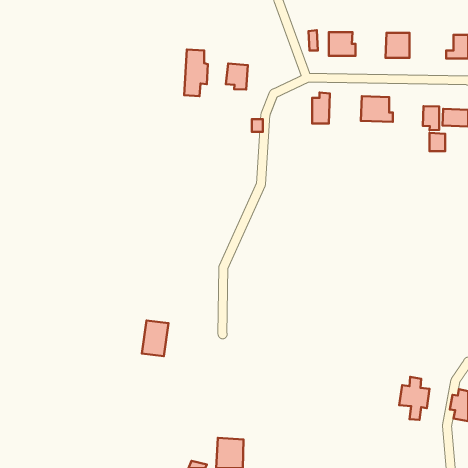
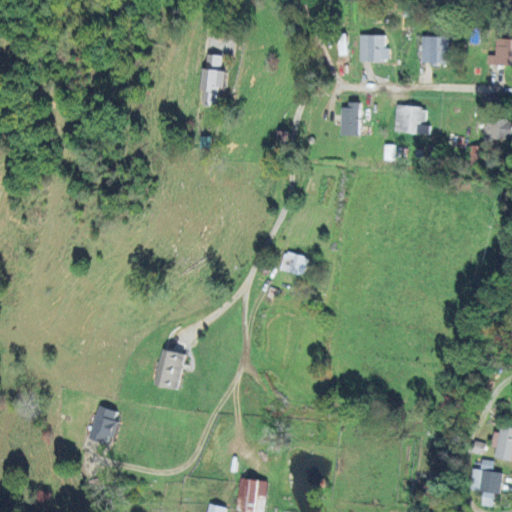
building: [226,64,248,89] -> none
building: [423,106,439,130] -> none
building: none -> [280,251,308,276]
building: none -> [88,405,118,444]
building: [399,377,430,420] -> [470,459,503,506]

